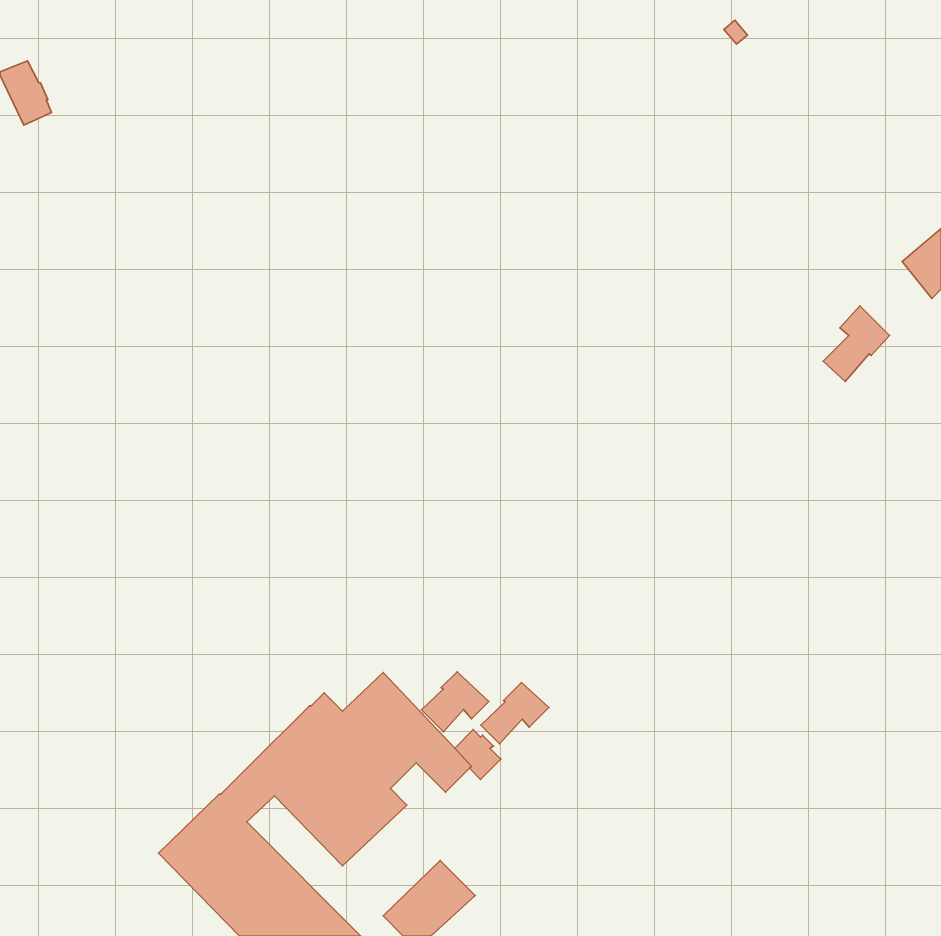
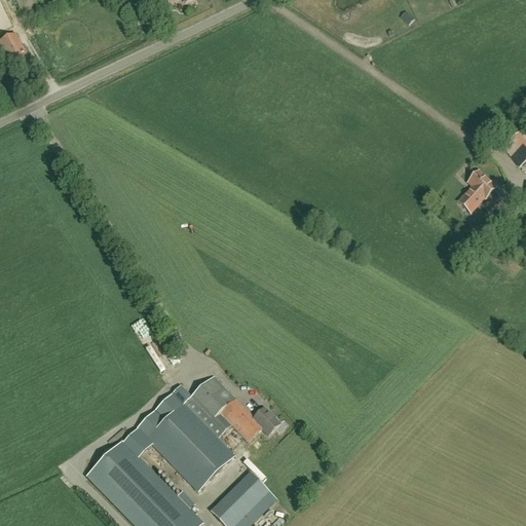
building: [421,672,489,732] -> none
building: [481,683,549,744] -> none

